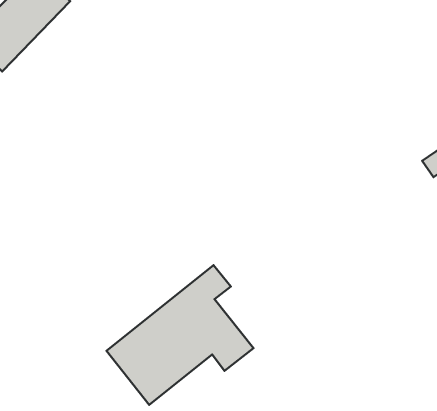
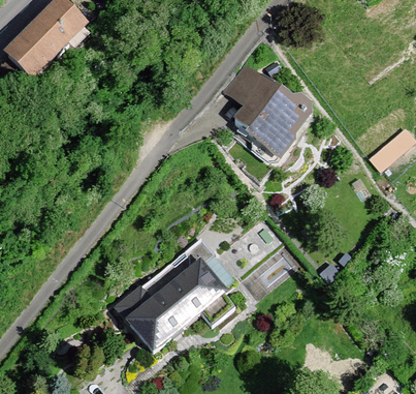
building: none -> [226,63,314,159]

